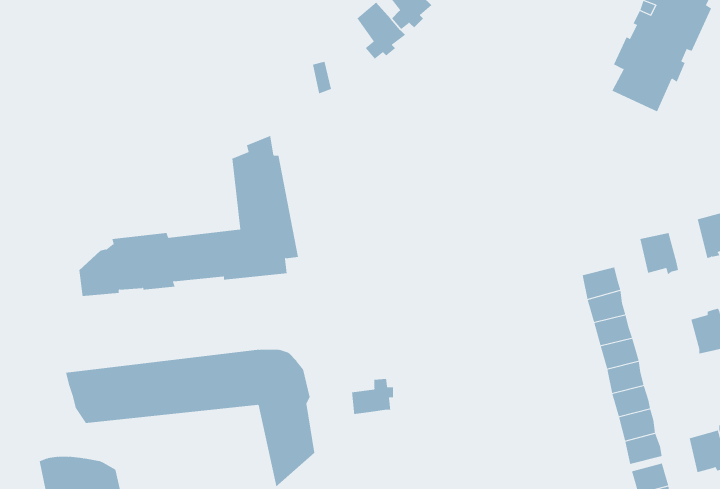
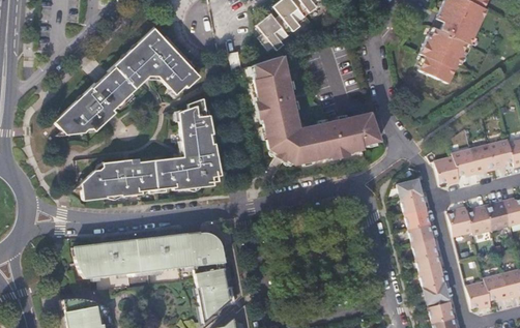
building: none -> [54,28,199,135]
building: none -> [253,56,378,166]
building: none -> [453,151,478,178]
building: none -> [447,208,472,238]
building: [352,378,394,415] -> none

